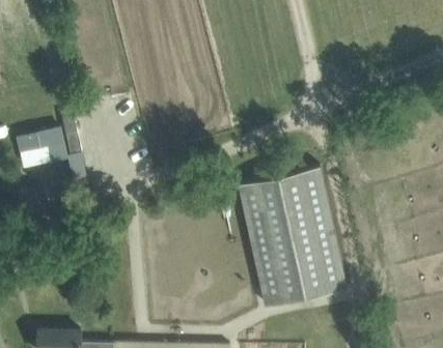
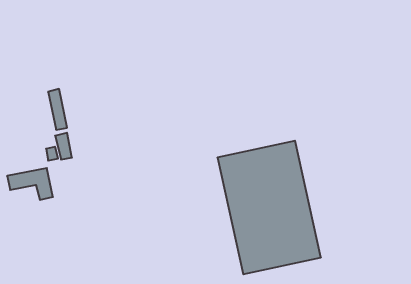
building: [18,127,65,161] -> [7,168,53,200]

